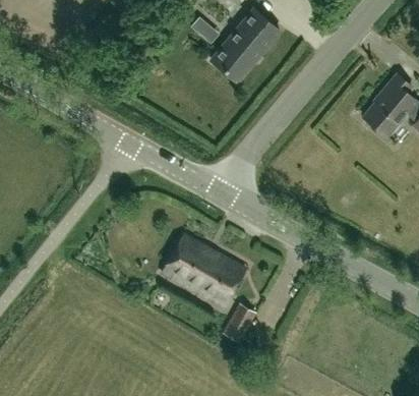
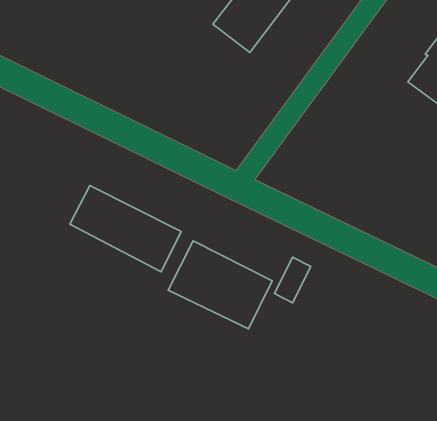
building: none -> [70,185,181,272]
building: [223,305,253,342] -> [274,257,311,303]

